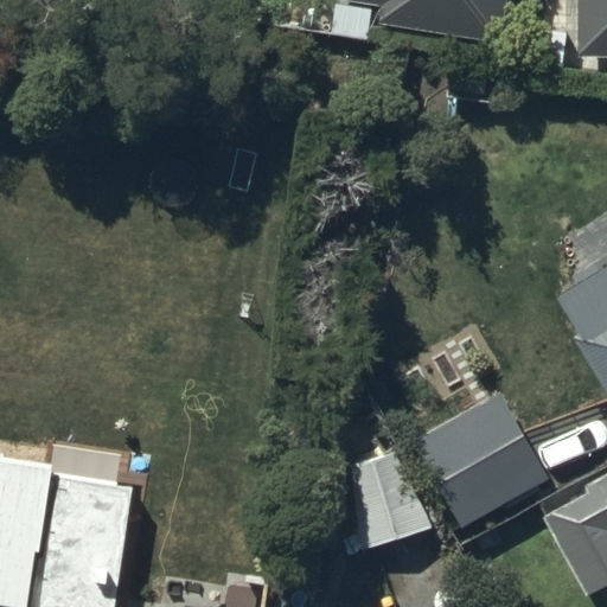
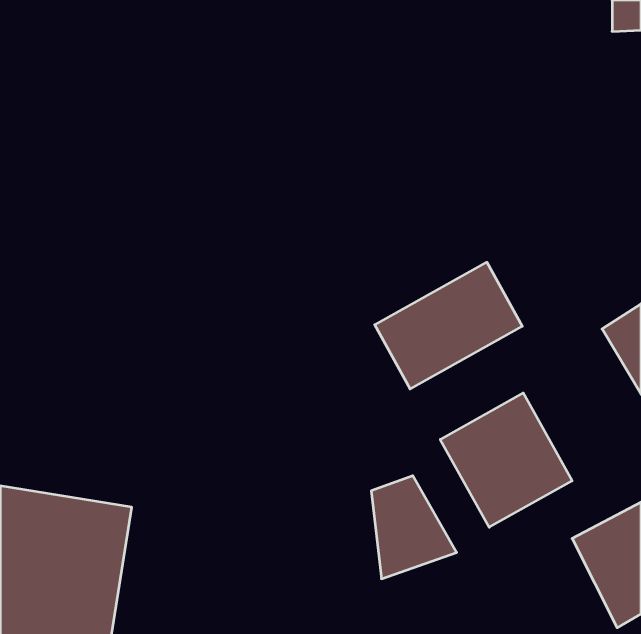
building: none -> [375,262,522,389]

